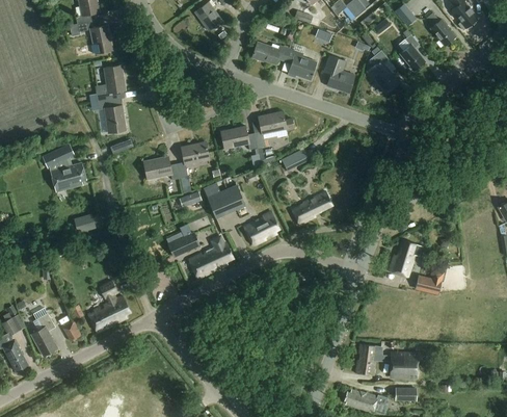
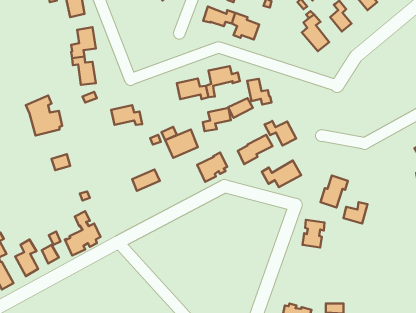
building: [323,55,355,93] -> none
building: none -> [247,79,271,105]
building: [177,140,209,178] -> none
building: none -> [203,108,231,131]
building: none -> [265,121,296,146]
building: none -> [262,161,301,187]
building: [189,236,234,278] -> none
building: [354,342,380,374] -> [302,220,325,247]
building: [391,350,419,376] -> none

